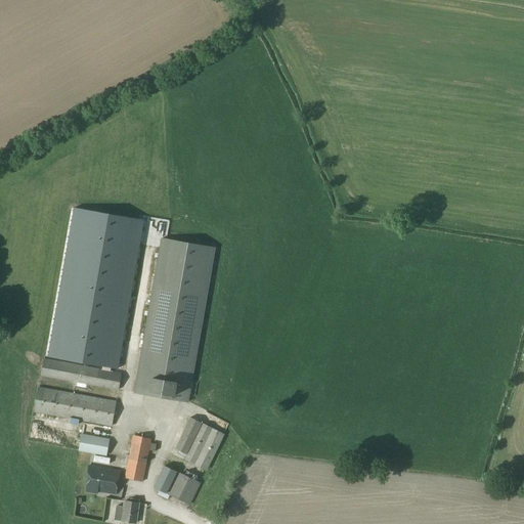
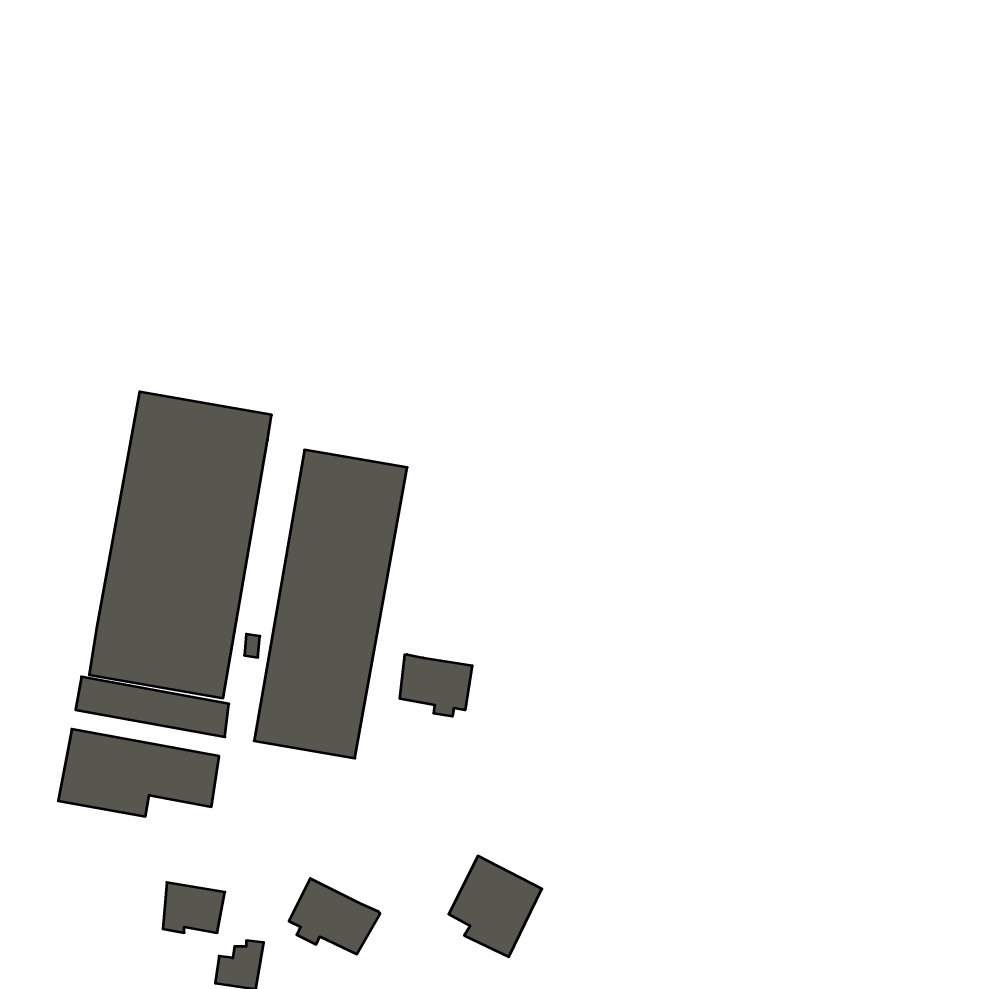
building: none -> [400,654,472,716]
building: [175,416,224,469] -> [449,856,542,957]
building: [78,432,107,454] -> none
building: [124,434,151,480] -> none

